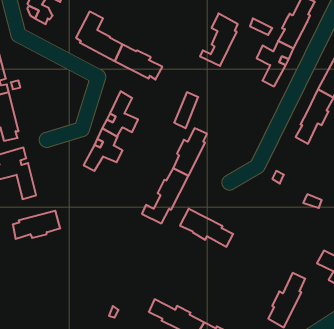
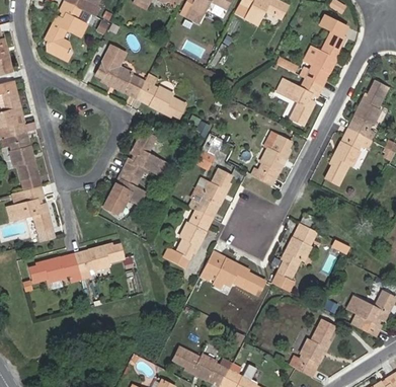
building: [200,13,238,66] -> [251,131,291,185]
building: none -> [271,224,320,291]
building: none -> [74,244,124,273]

